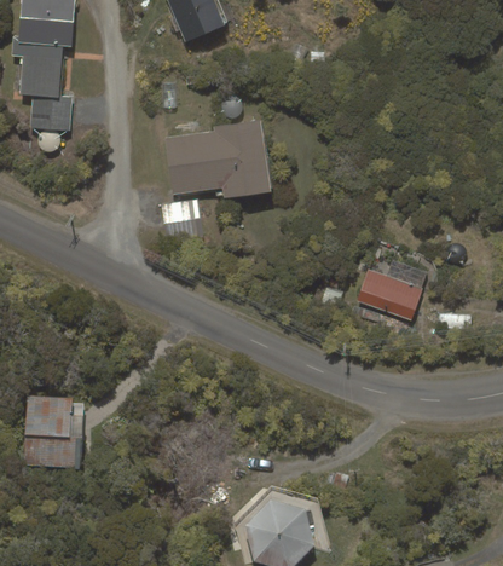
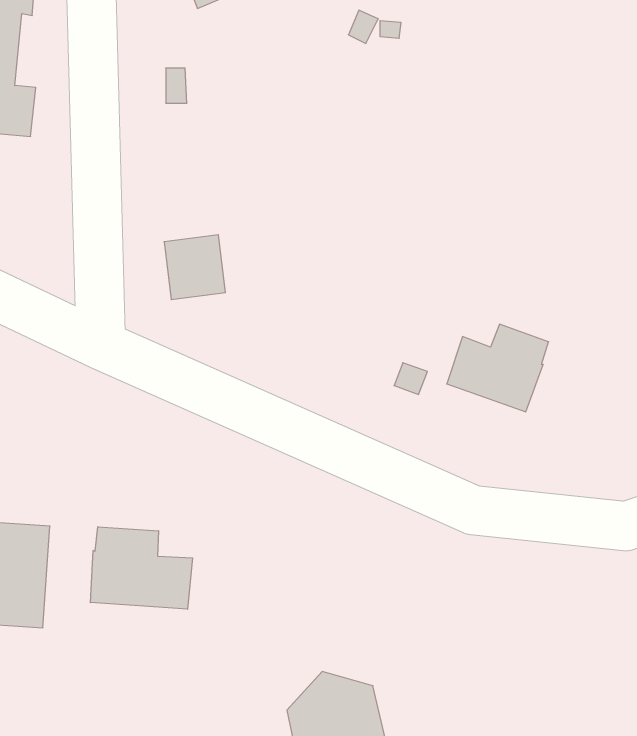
building: [166,120,272,198] -> none
building: none -> [90,527,192,609]

